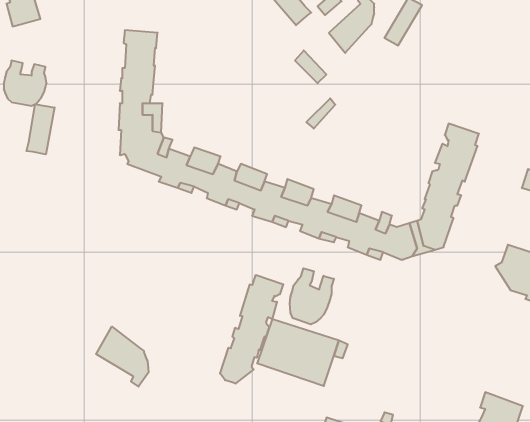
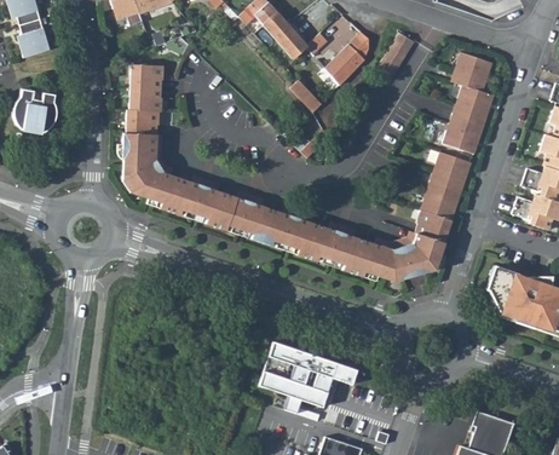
building: none -> [445,53,496,154]
building: [26,104,55,154] -> none
building: [290,268,334,324] -> none
building: [220,275,283,384] -> none
building: [96,327,149,387] -> none

